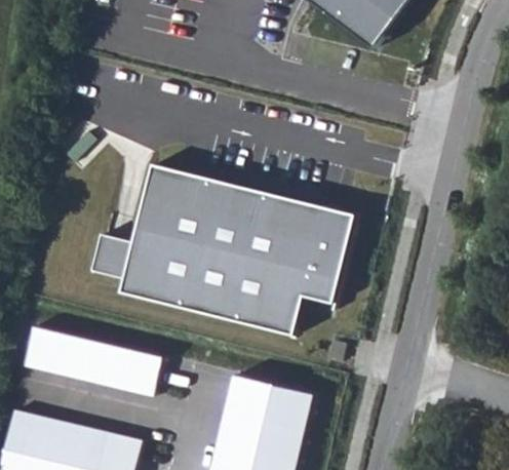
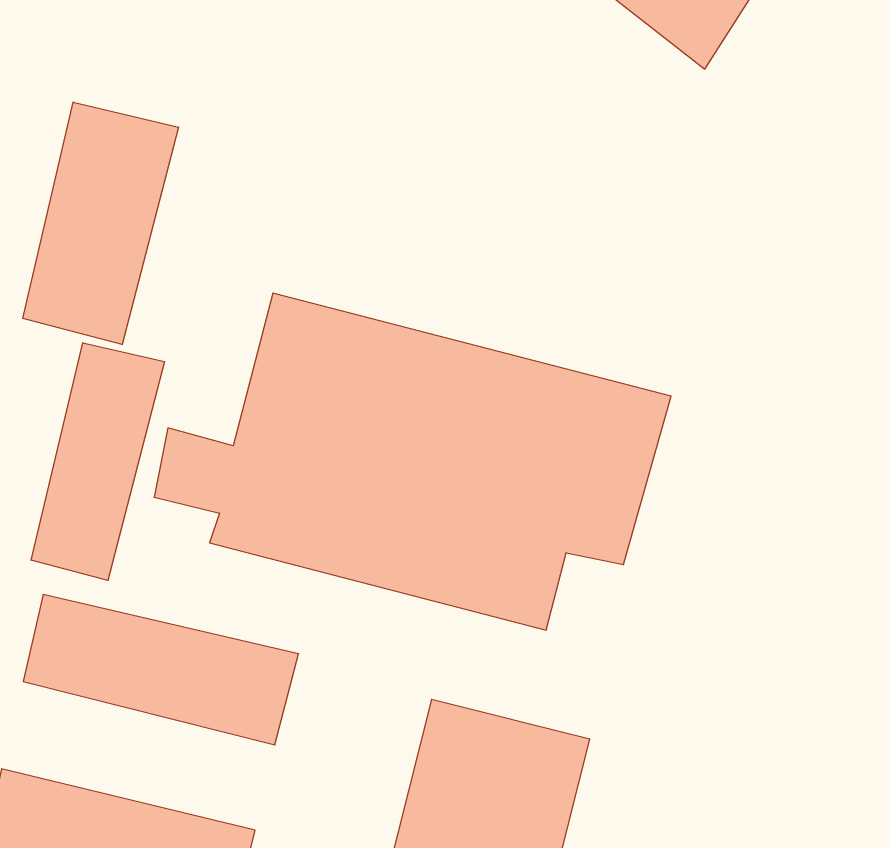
building: none -> [23,102,178,345]
building: none -> [31,343,164,581]

